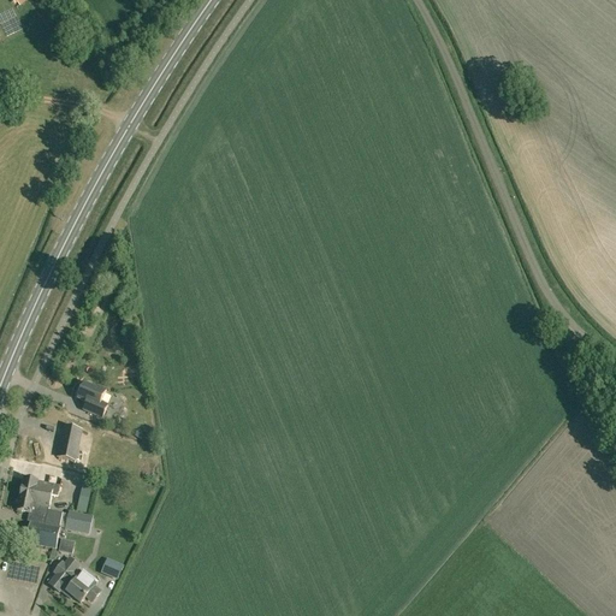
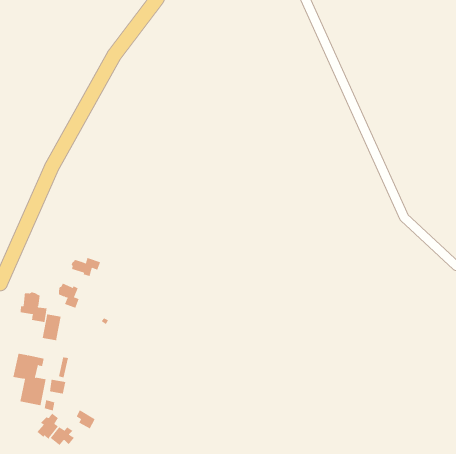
building: none -> [71,257,101,277]
building: none -> [20,292,47,323]

